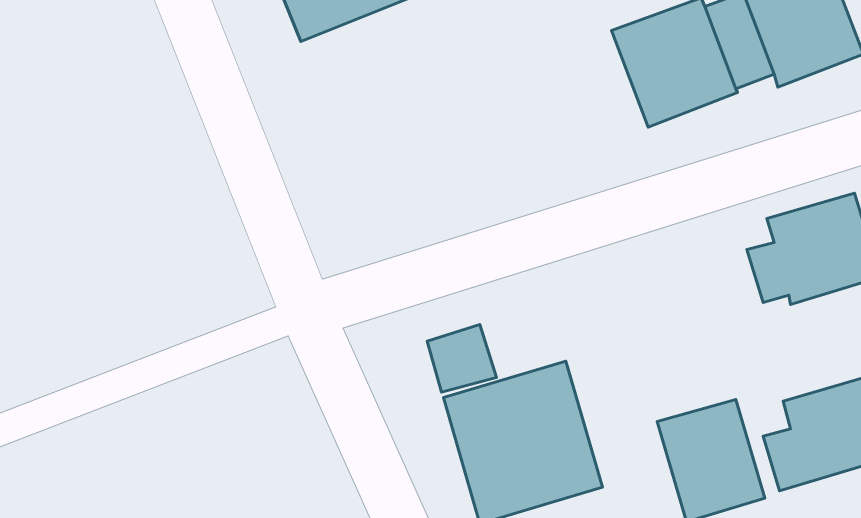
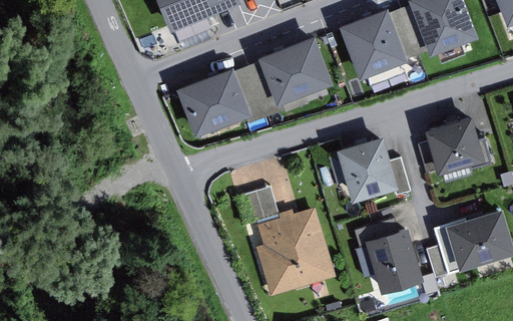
building: none -> [258,37,333,106]
building: none -> [176,67,253,137]
building: none -> [329,136,410,203]

